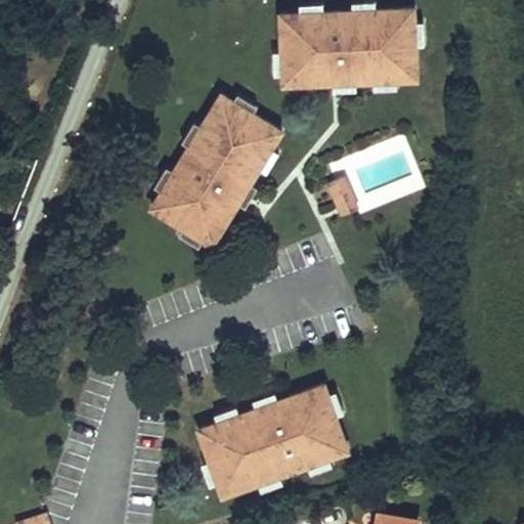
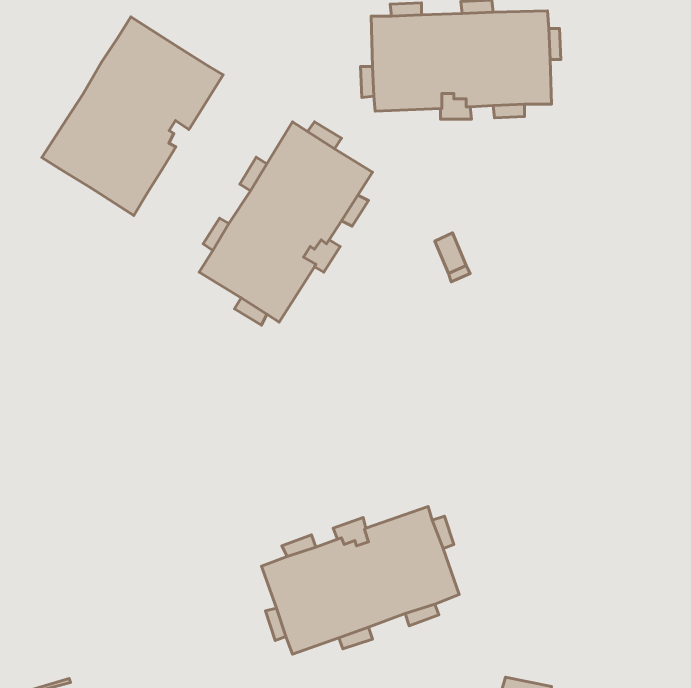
building: none -> [42,17,223,215]

